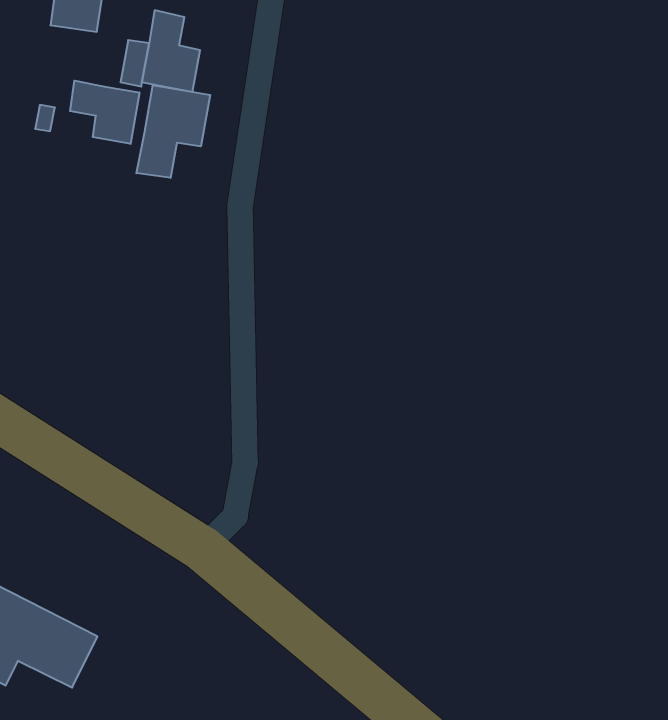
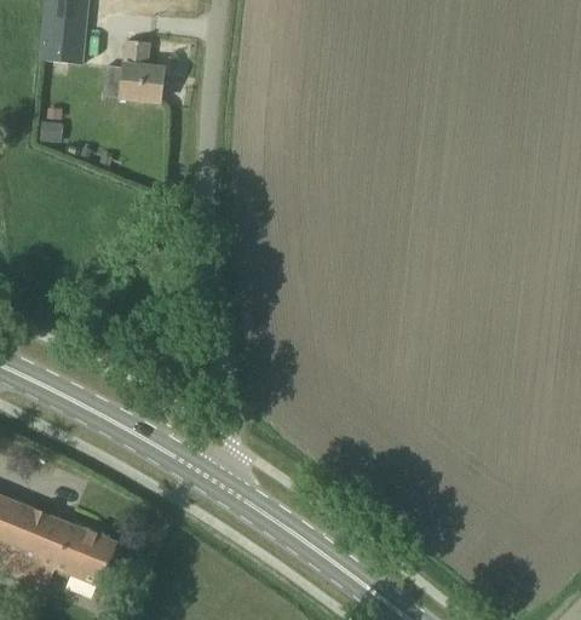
building: [70,81,139,144] -> none
building: [136,85,210,178] -> none

